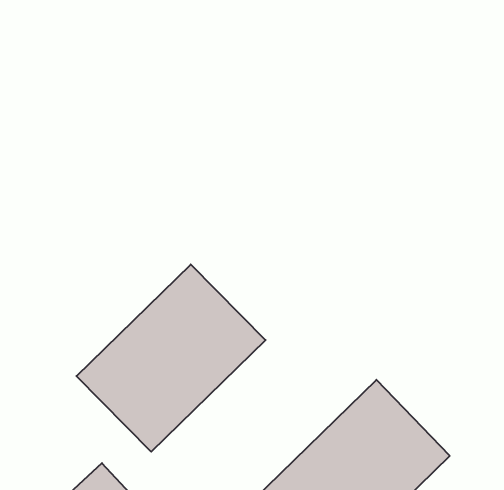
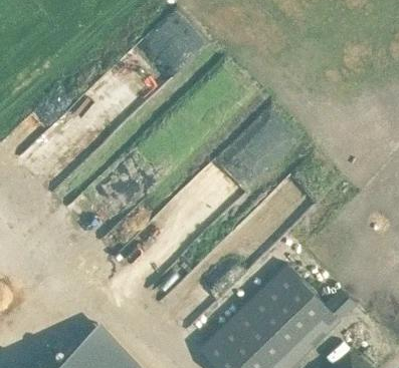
building: [76,264,266,452] -> none

